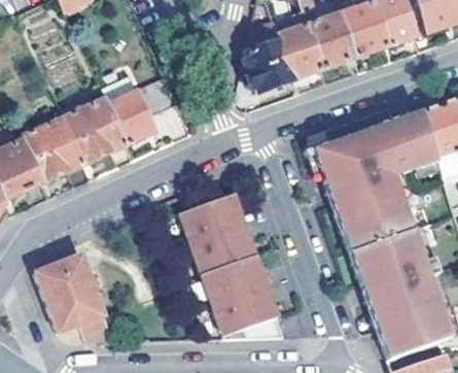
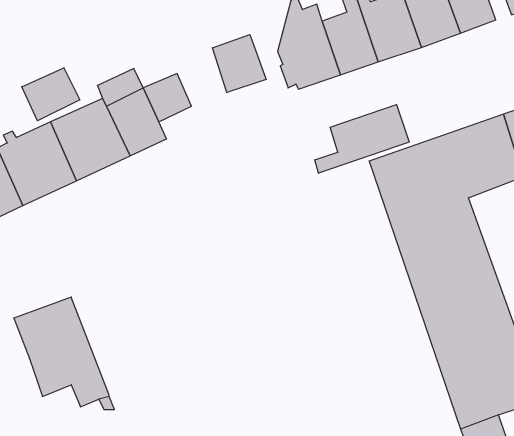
building: none -> [212,35,266,93]
building: none -> [22,68,80,121]
building: none -> [315,105,409,173]
building: [183,191,281,338] -> none

